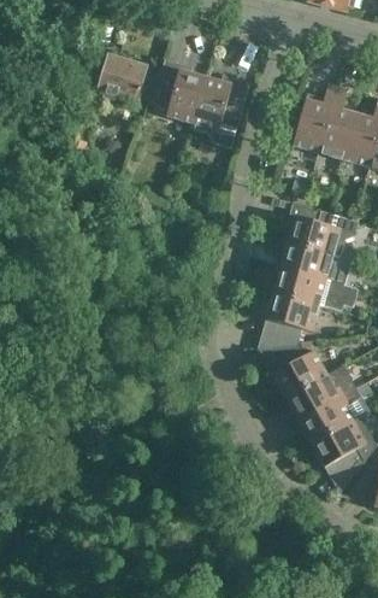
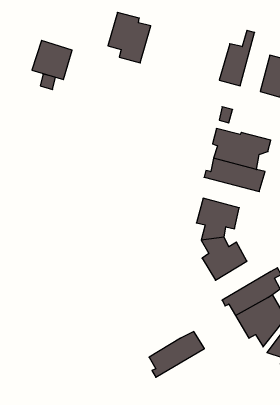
building: [96,53,147,102] -> [32,40,72,80]
building: [191,75,249,148] -> none
building: [319,84,356,159] -> none
building: [271,268,356,311] -> none
building: [288,365,358,423] -> [149,332,204,377]

